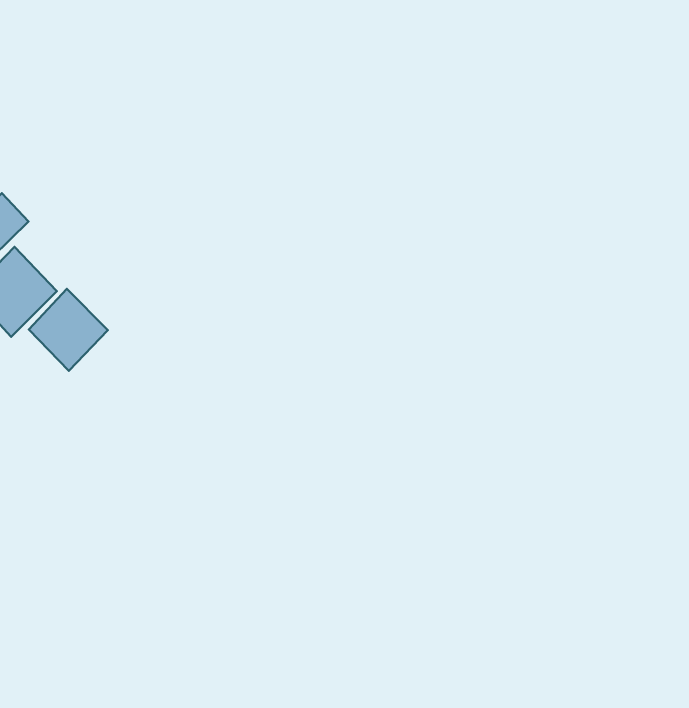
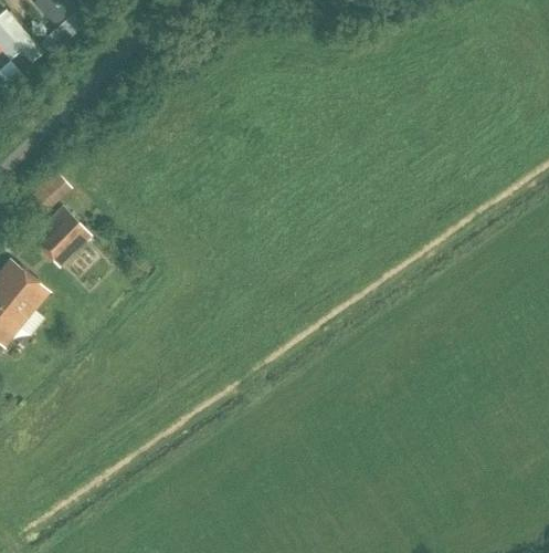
building: [29,289,108,371] -> none

